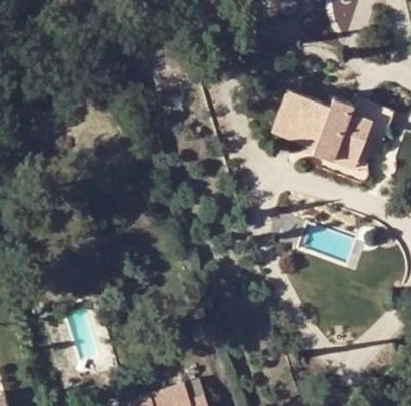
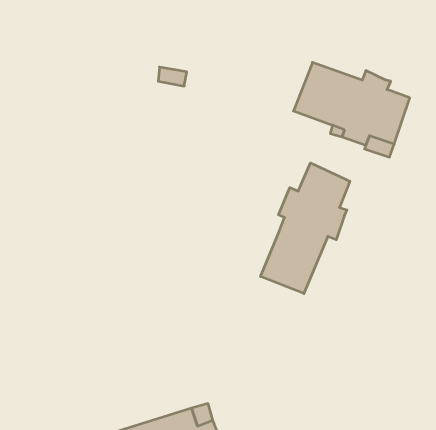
building: none -> [261,163,350,294]

